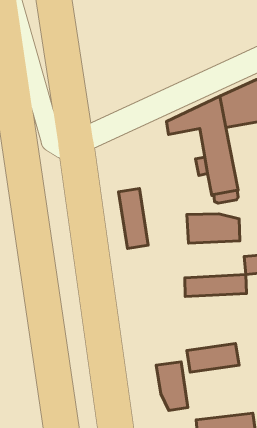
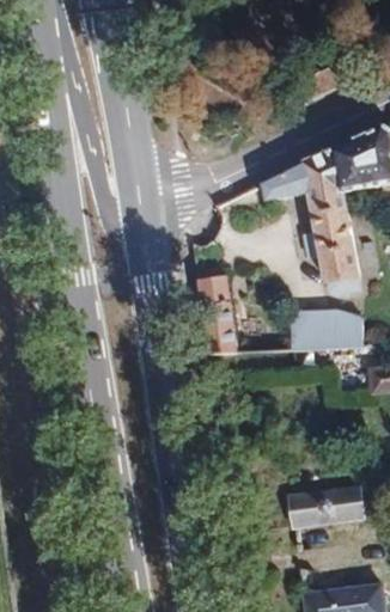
building: [185,275,246,297] -> none
building: [156,362,188,410] -> none

